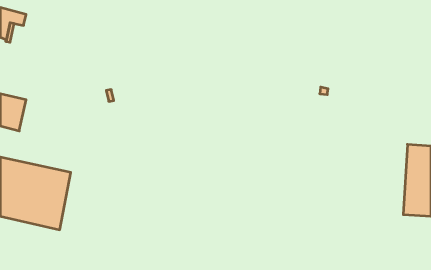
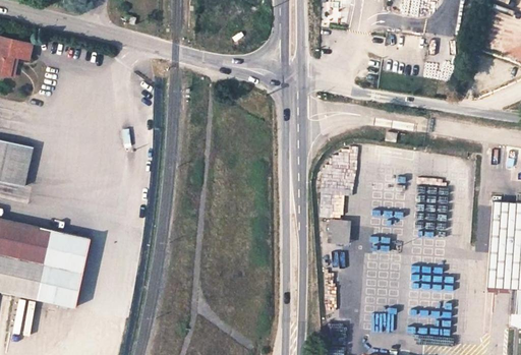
building: none -> [331,219,355,245]

